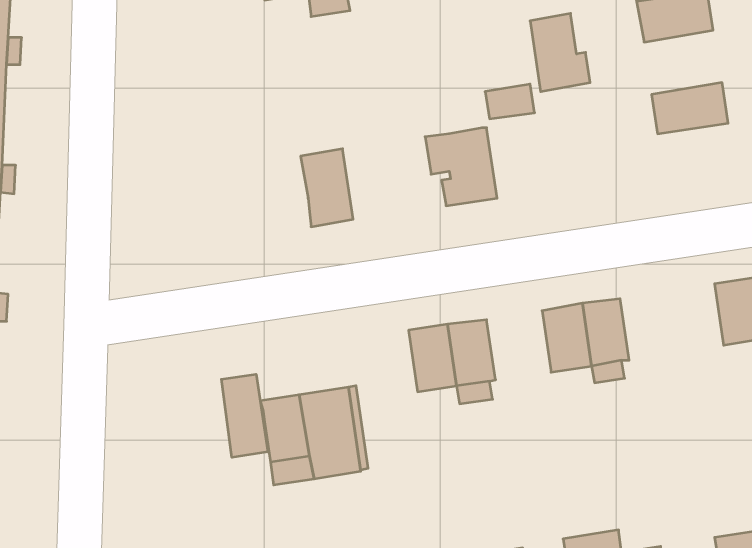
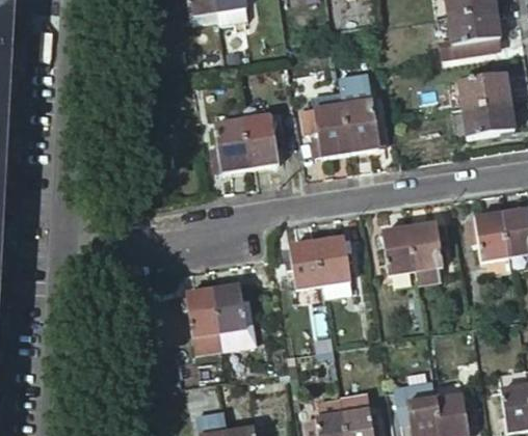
building: [530,13,590,92] -> [343,99,385,153]
building: none -> [461,101,514,136]
building: none -> [243,114,279,167]
building: none -> [468,212,507,258]
building: [221,374,268,457] -> none

